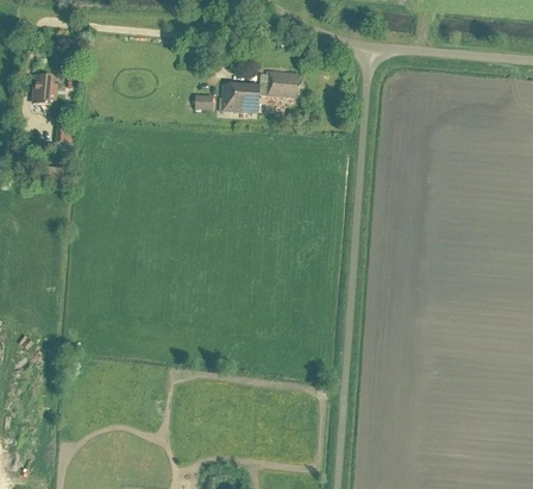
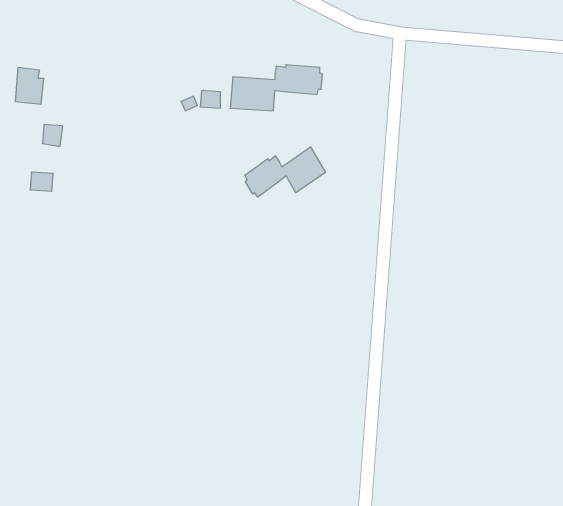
building: none -> [245,147,325,197]

